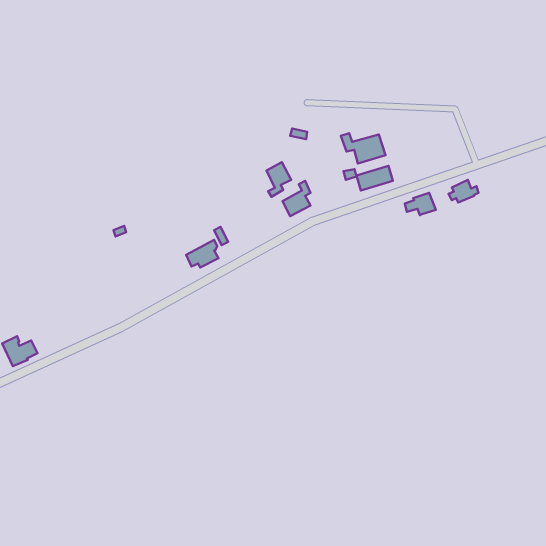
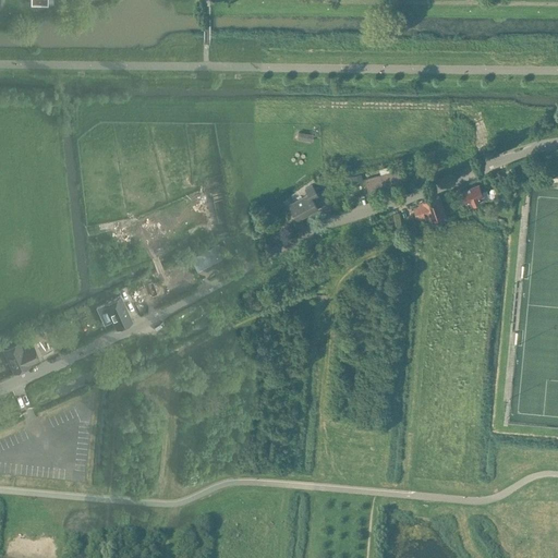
building: [341,133,385,164] -> none
building: [266,162,291,197] -> none
building: none -> [104,299,131,330]

